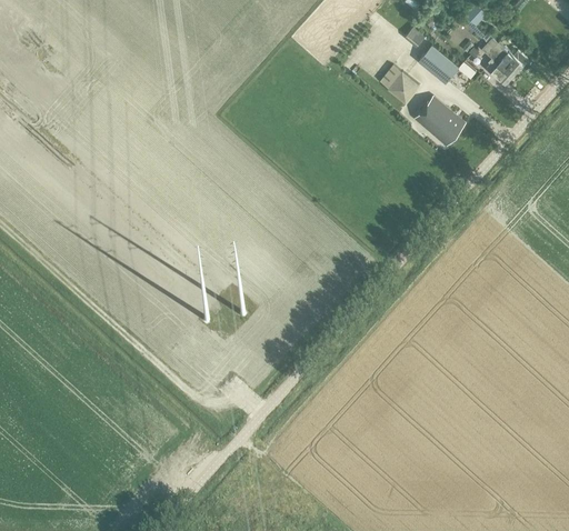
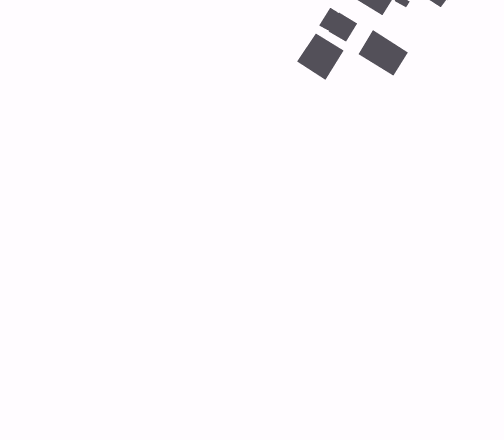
building: none -> [296,32,344,81]

